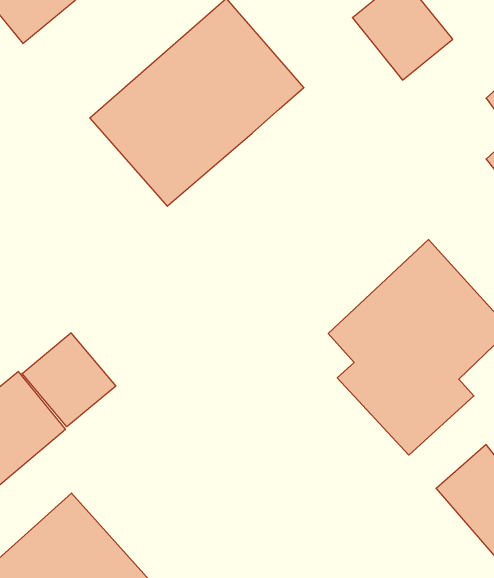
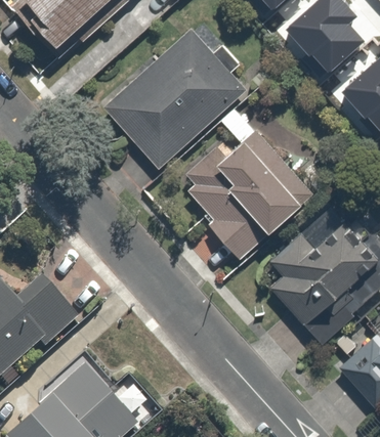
building: none -> [170,101,306,254]
building: [22,333,116,427] -> none

